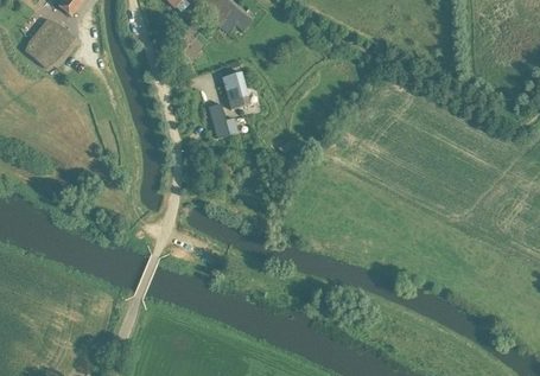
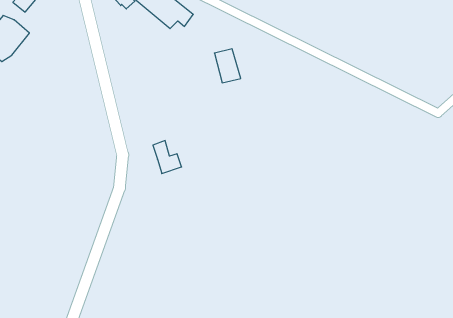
building: [222,71,250,108] -> [214,49,241,83]
building: [208,102,239,138] -> [153,141,182,174]

